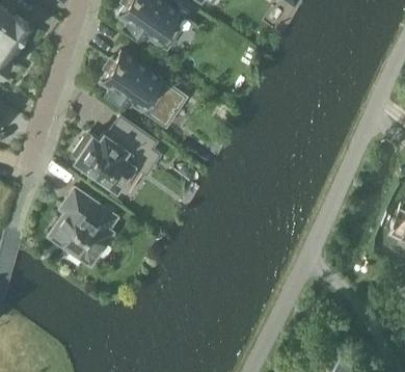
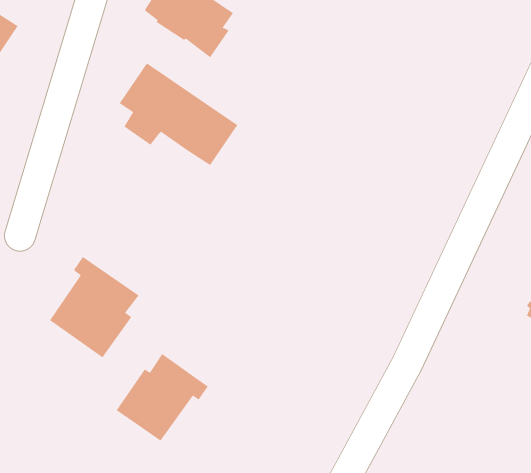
building: [72,116,159,188] -> none
building: none -> [116,353,209,442]

